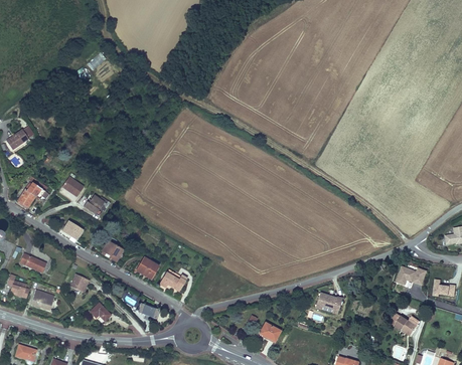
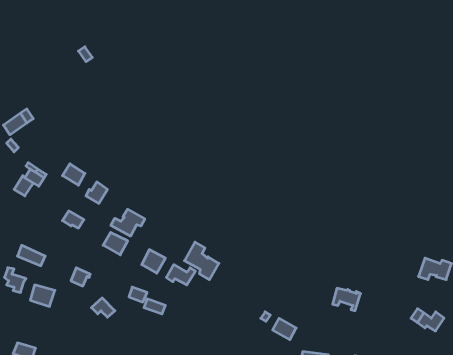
building: none -> [111,209,145,236]
building: none -> [184,242,219,280]

